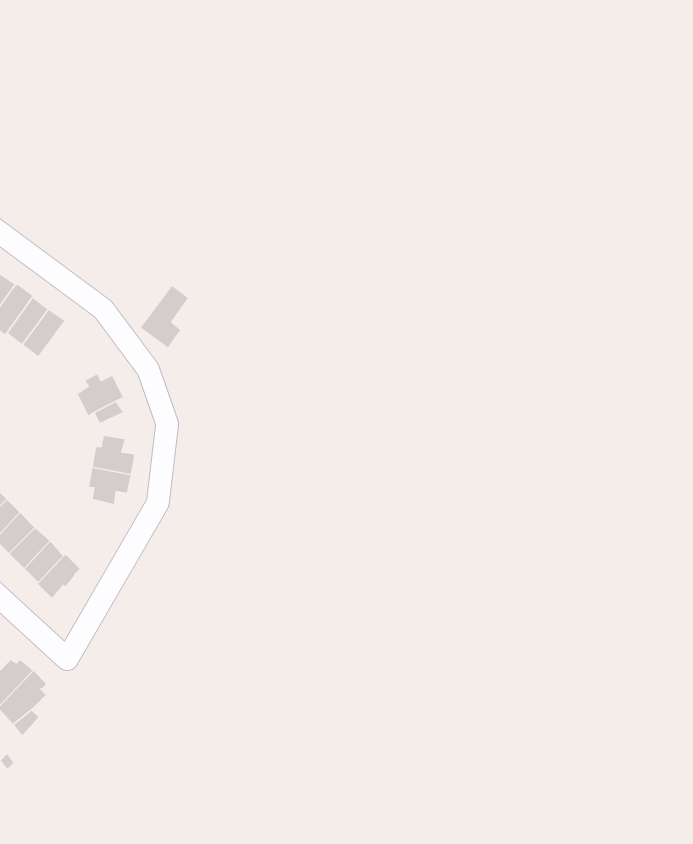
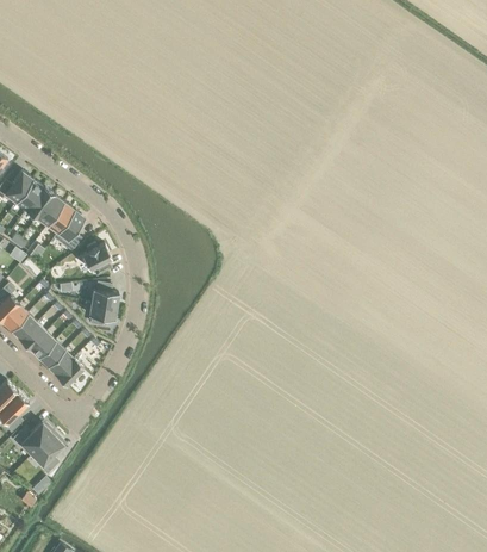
building: [140,285,189,349] -> [54,210,85,250]

